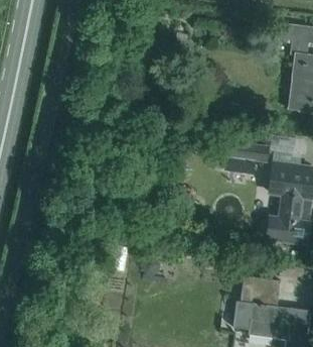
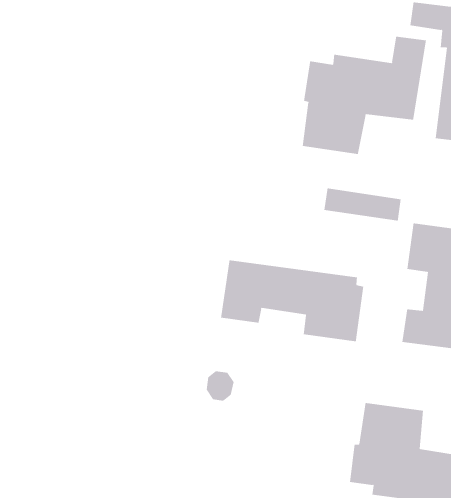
building: none -> [302,36,426,155]
building: none -> [221,260,364,342]

